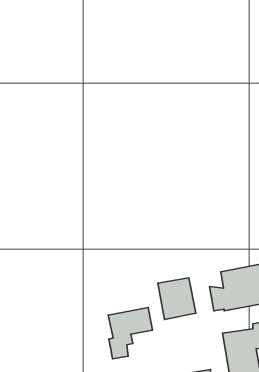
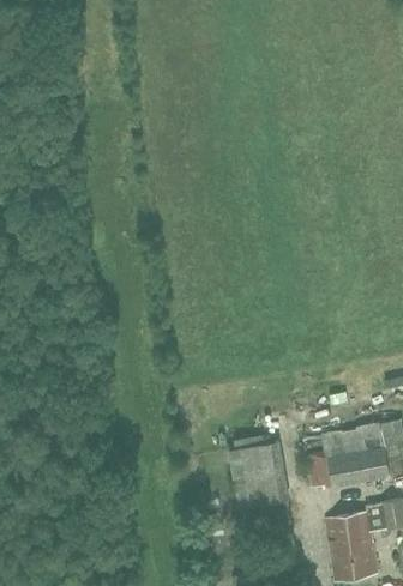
building: [108,307,153,359] -> none

